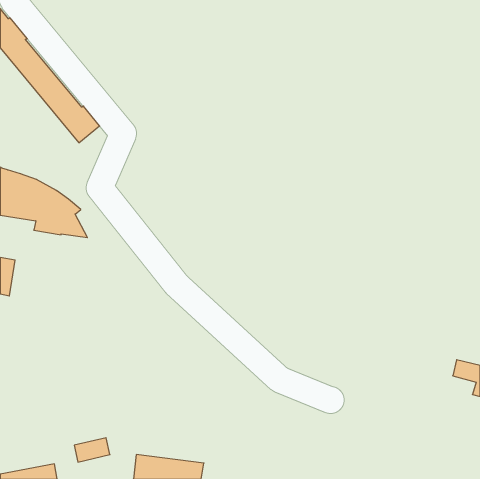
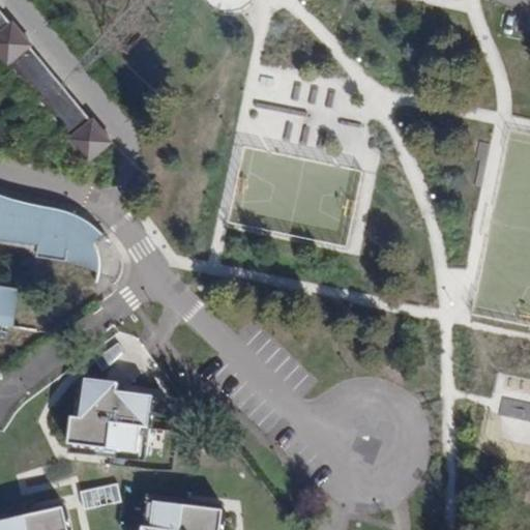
building: none -> [65,381,150,460]

